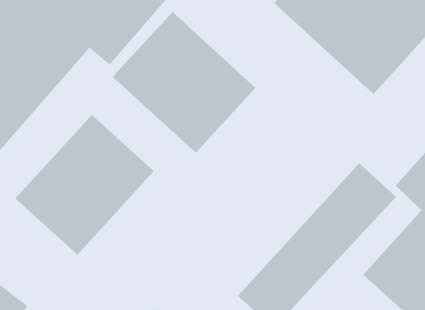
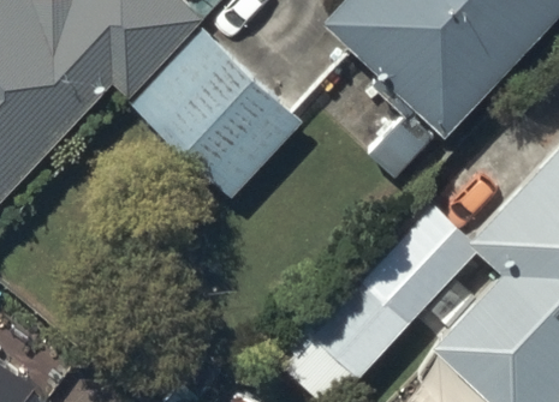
building: [15,114,155,256] -> none

